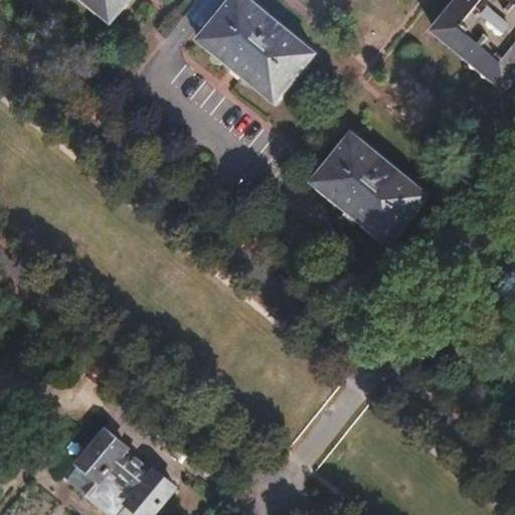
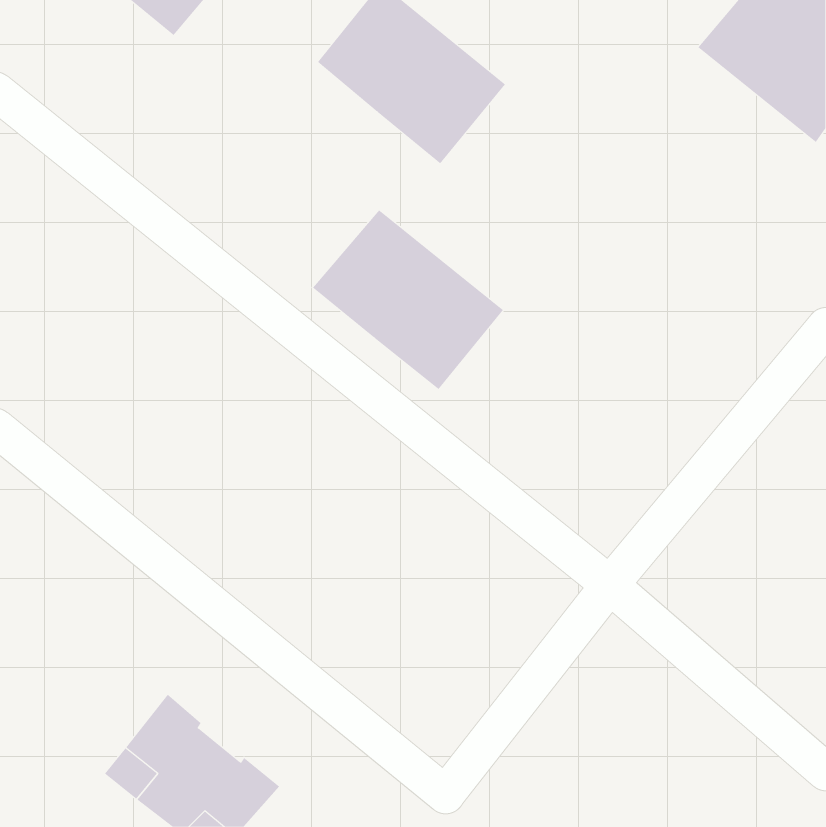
building: [309,132,427,243] -> [312,209,504,390]

